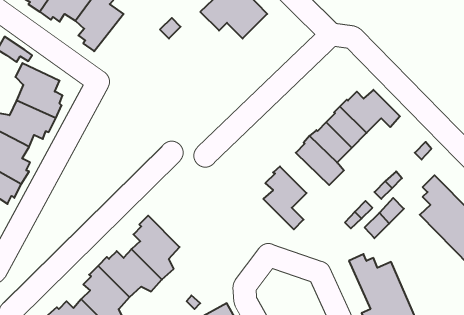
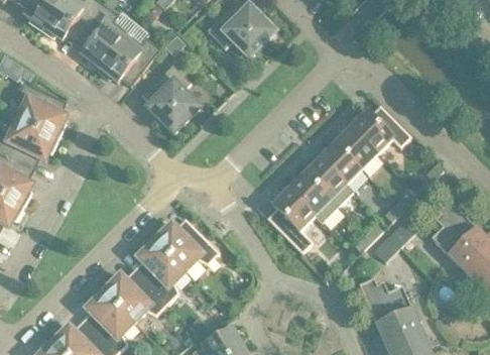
building: none -> [98,31,160,83]
building: none -> [142,64,200,132]
building: none -> [288,173,339,223]
building: none -> [153,221,220,270]

